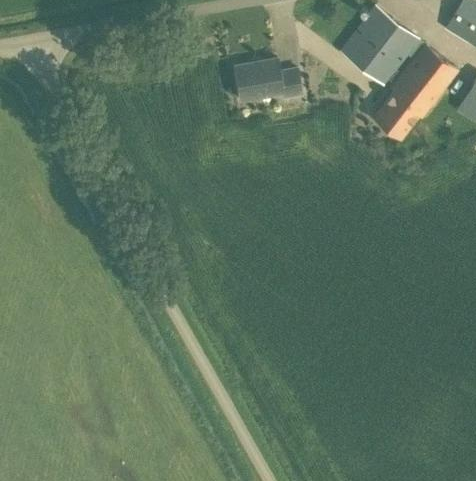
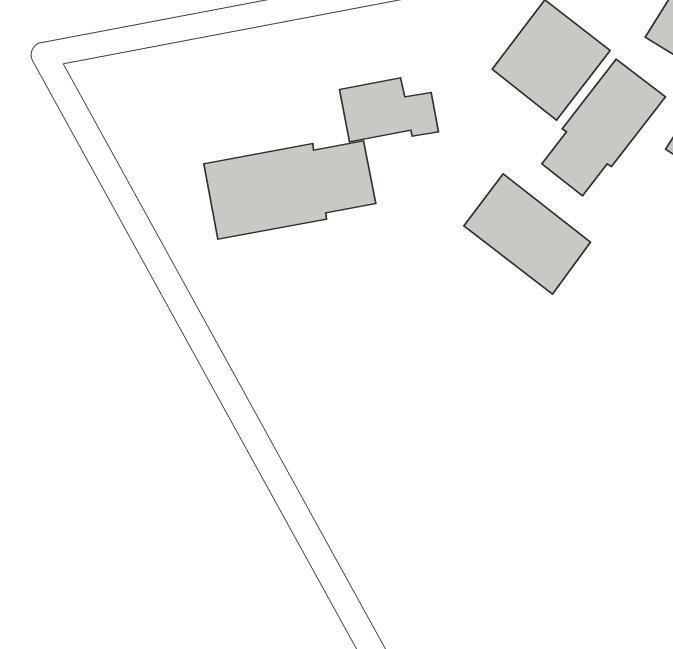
building: none -> [204,141,376,239]
building: none -> [464,174,591,294]

